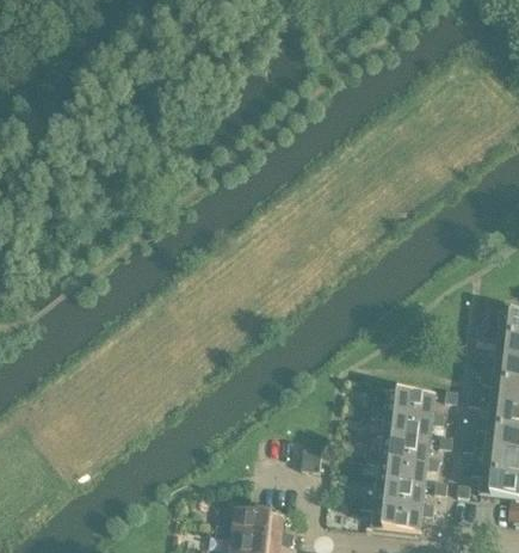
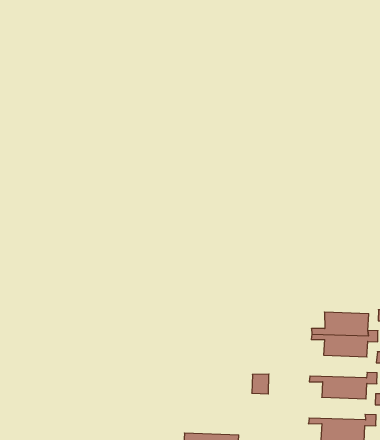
building: [367,435,431,463] -> none
building: [363,480,426,509] -> none

